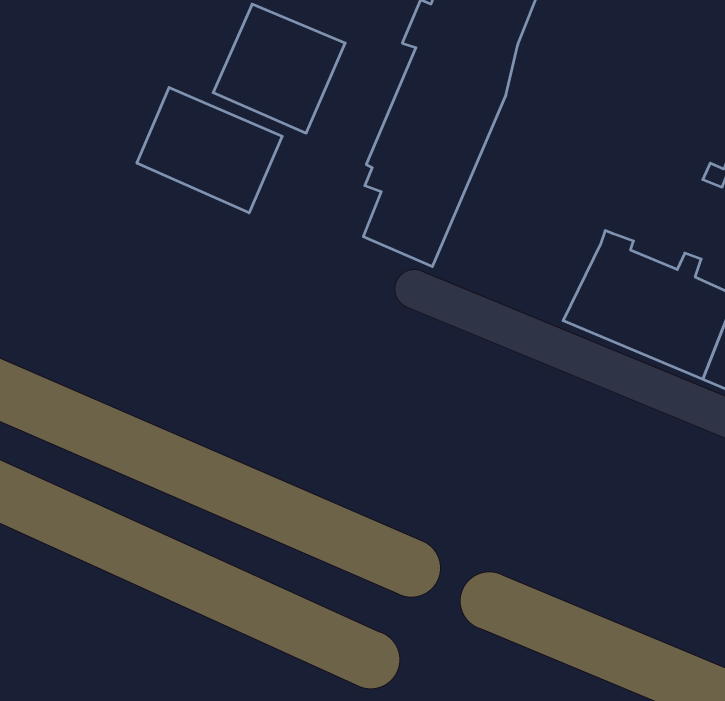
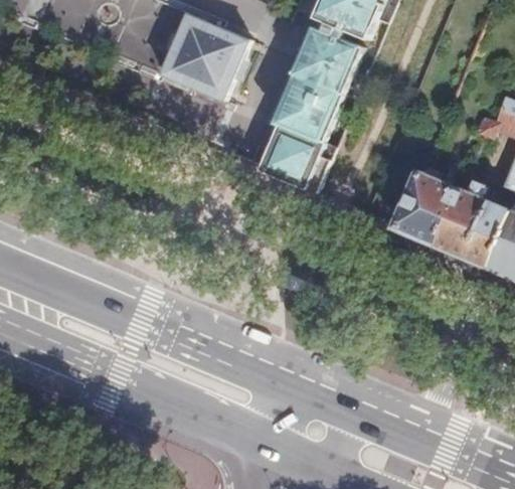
building: [137,87,282,213] -> none

